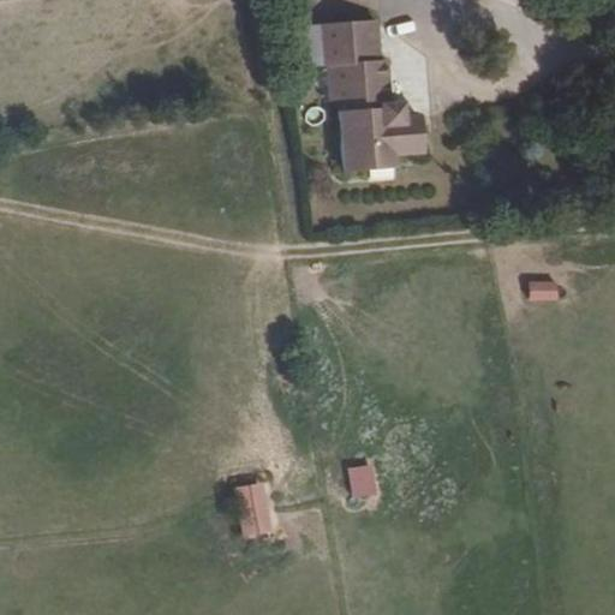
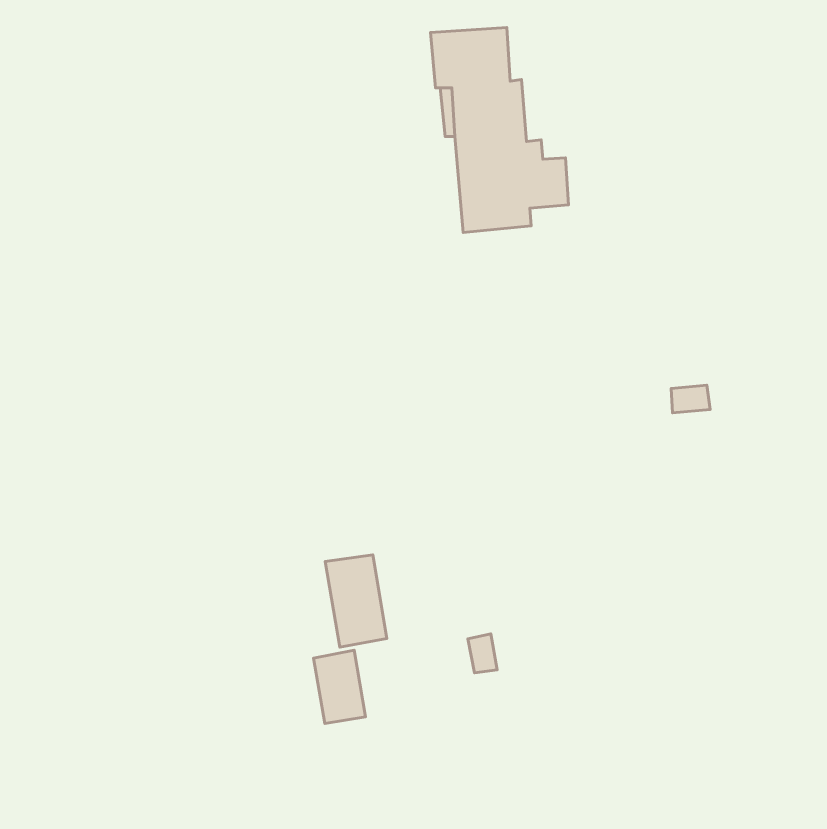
building: none -> [325,555,387,647]

